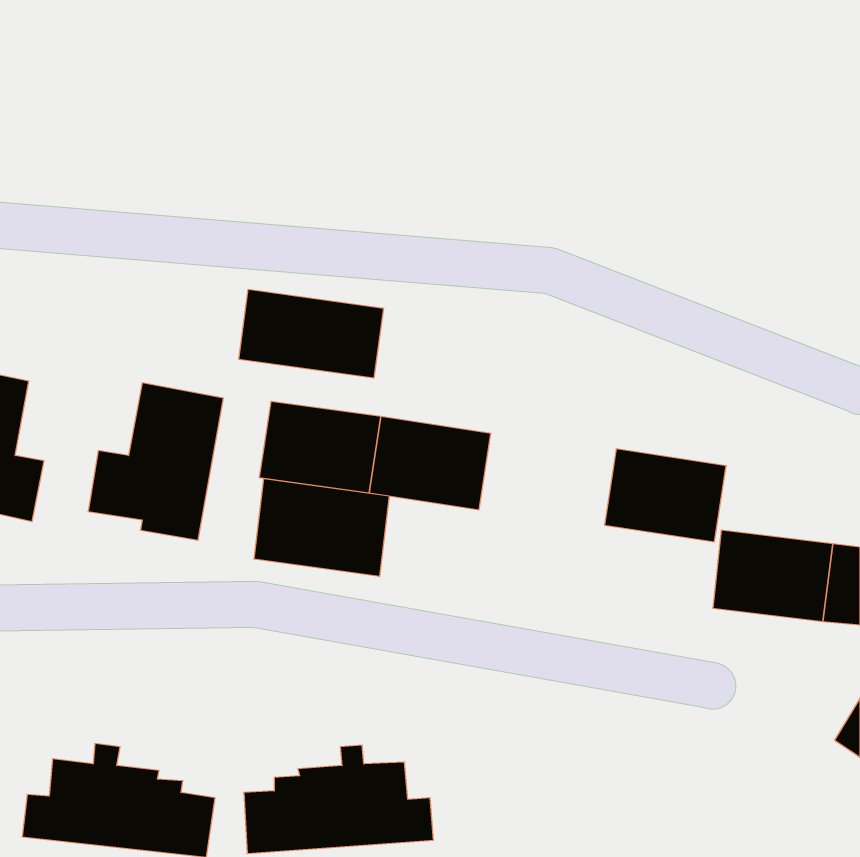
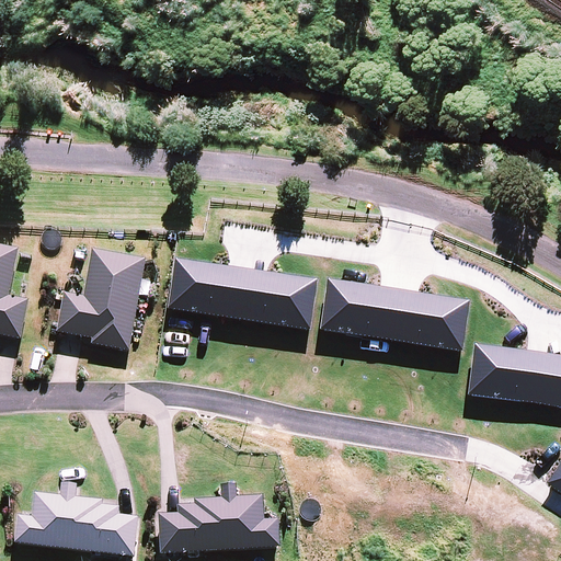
building: [239,289,383,378] -> none
building: none -> [320,279,399,340]
building: [254,479,389,577] -> none

